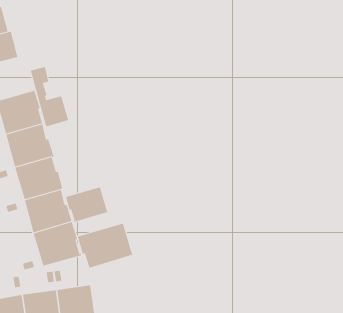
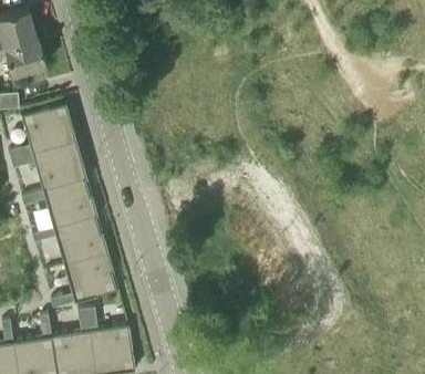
building: [30,66,69,127] -> none
building: [66,187,108,223] -> none
building: [77,223,133,269] -> none

